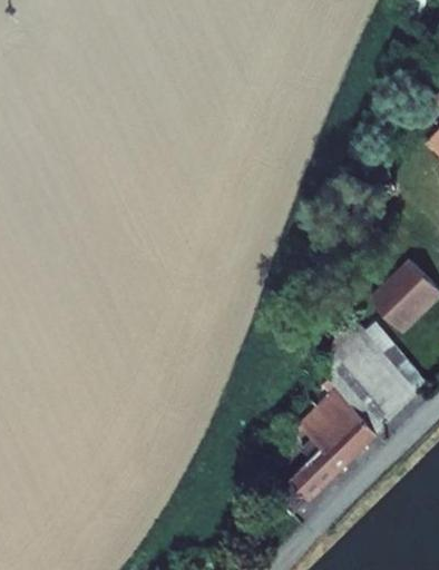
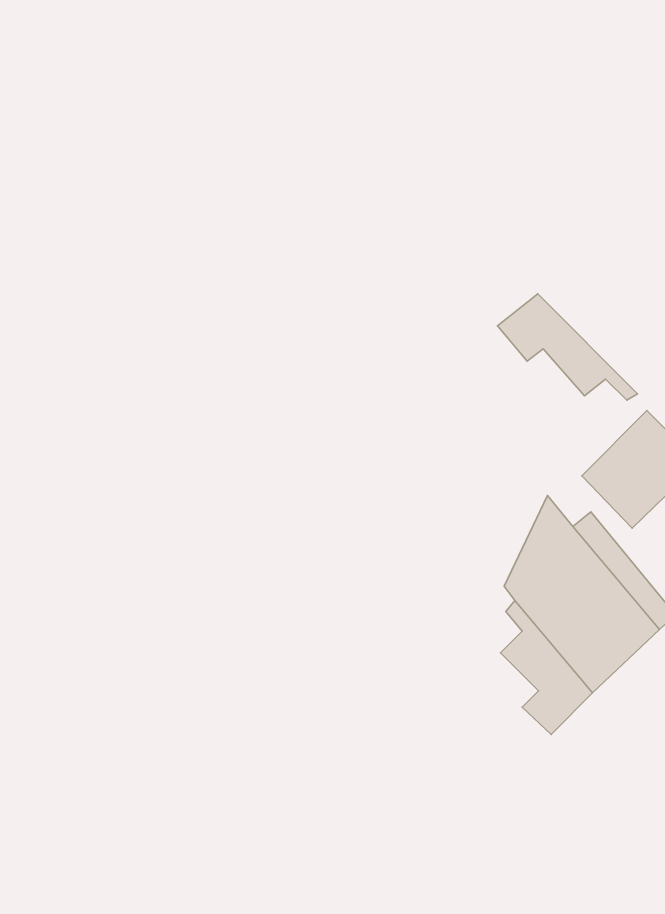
building: none -> [498,294,638,400]
building: [275,407,351,514] -> none

